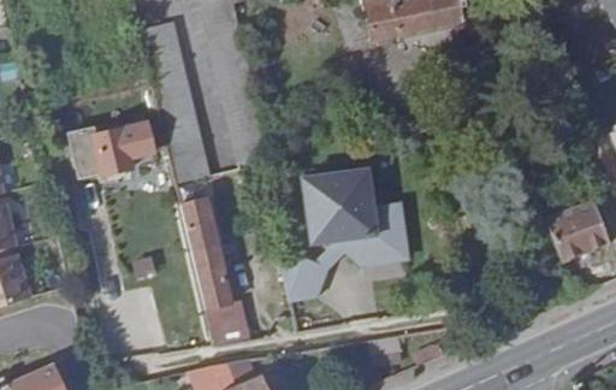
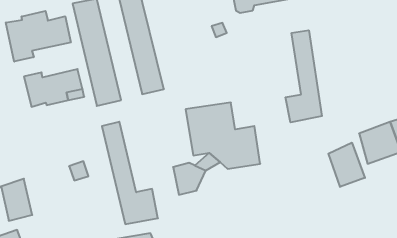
building: none -> [6,11,71,62]
building: none -> [286,30,322,122]
building: none -> [328,143,365,187]

